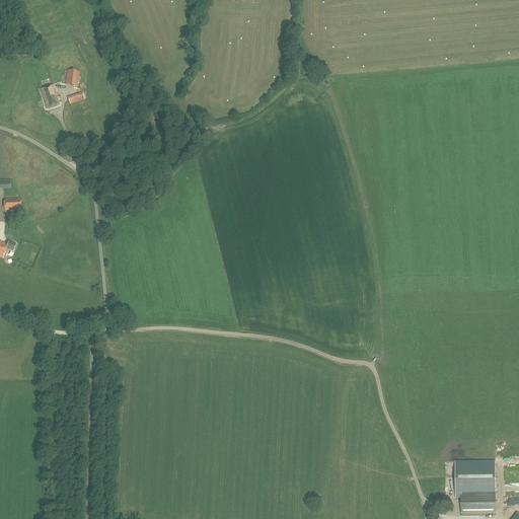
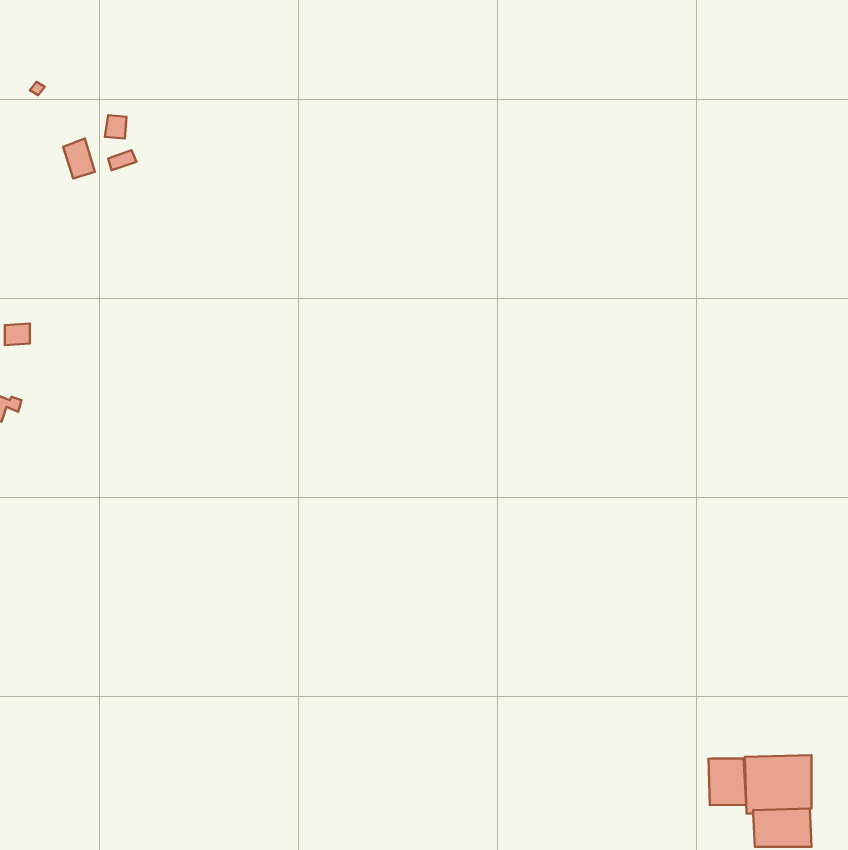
building: none -> [709,758,746,805]

